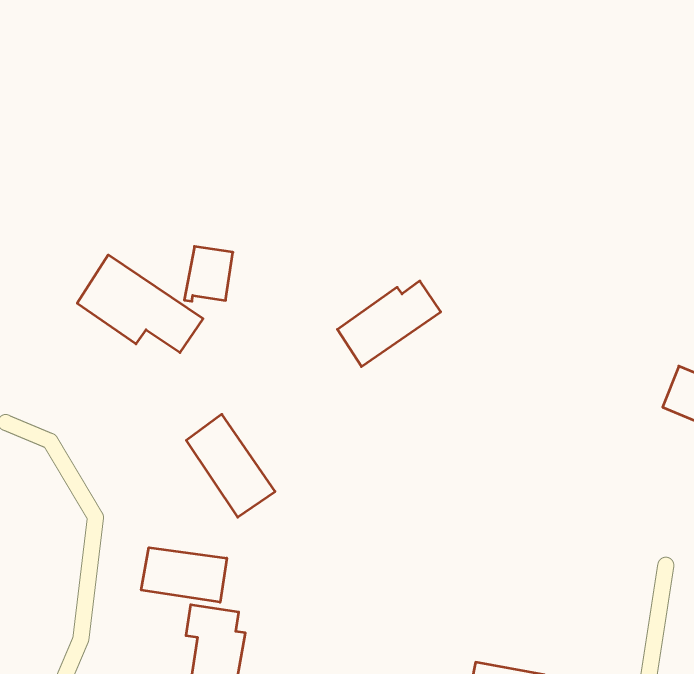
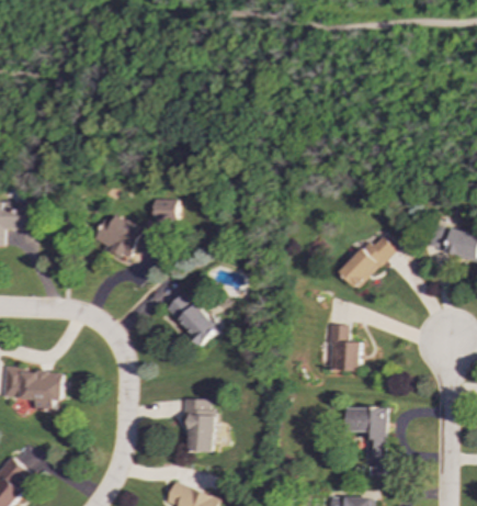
building: [337,281,441,367] -> [337,235,393,288]
building: none -> [326,324,359,371]
building: [141,548,227,602] -> none

